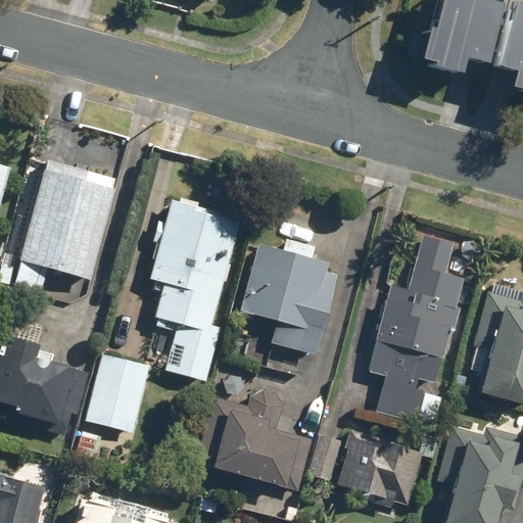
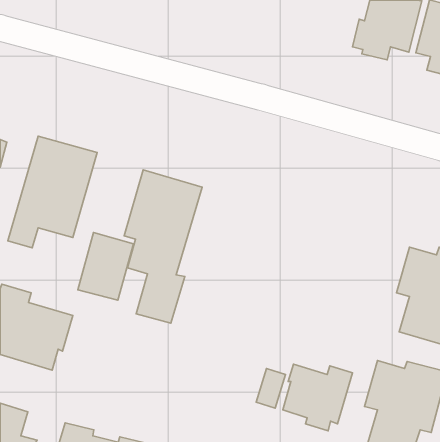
building: [367,230,464,435] -> none
building: [234,239,338,354] -> none
building: [85,353,150,433] -> [78,233,133,300]
building: [194,389,311,492] -> none

